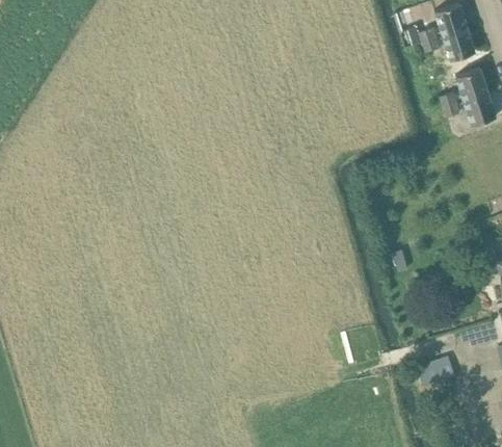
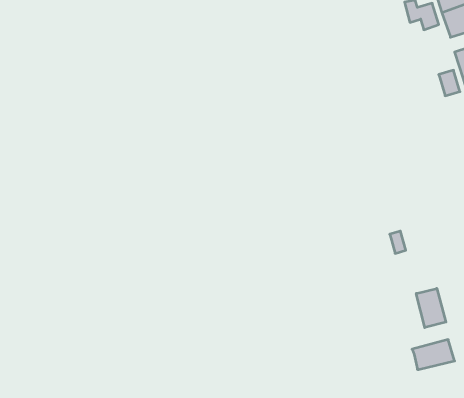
building: none -> [416,288,446,328]

